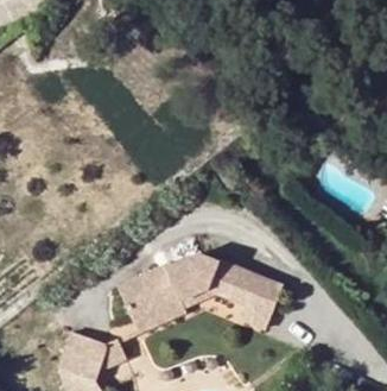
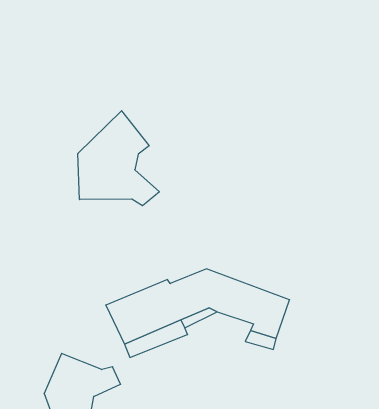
building: none -> [78,111,159,206]

